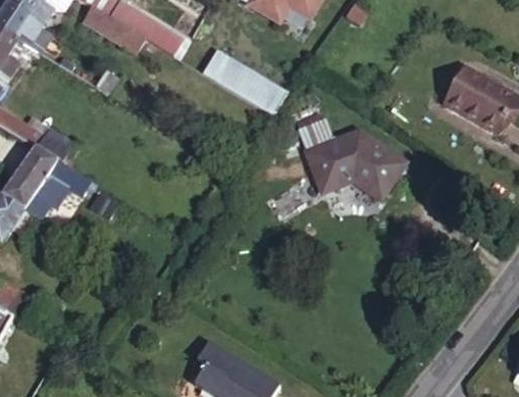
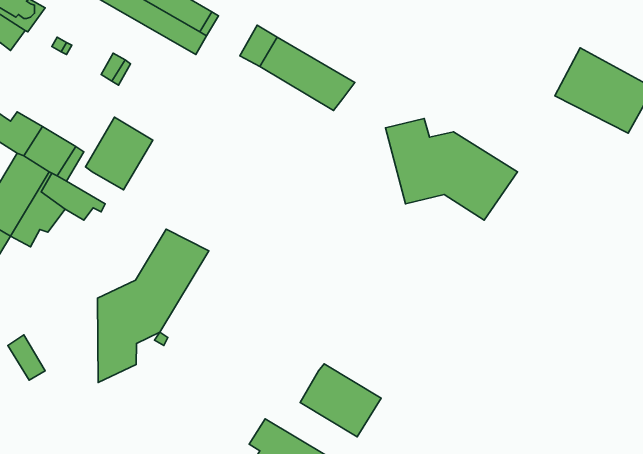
building: none -> [85,117,153,190]
building: none -> [98,229,209,382]
building: none -> [300,364,381,437]

